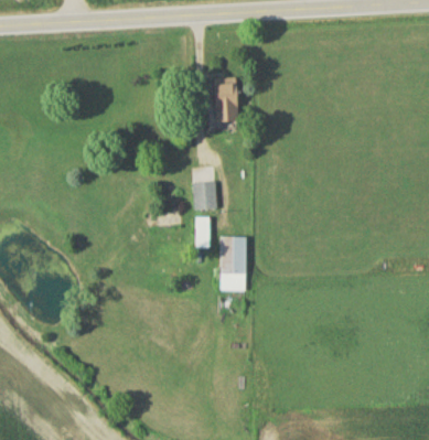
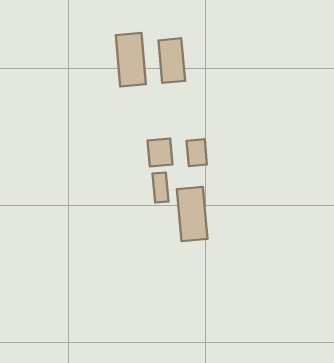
building: none -> [116,33,146,86]
building: none -> [187,139,207,166]

